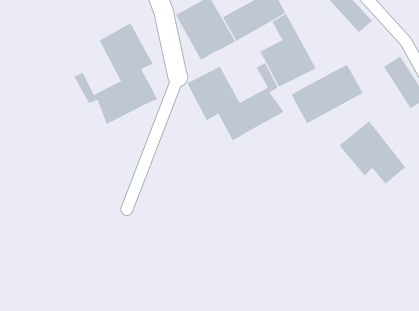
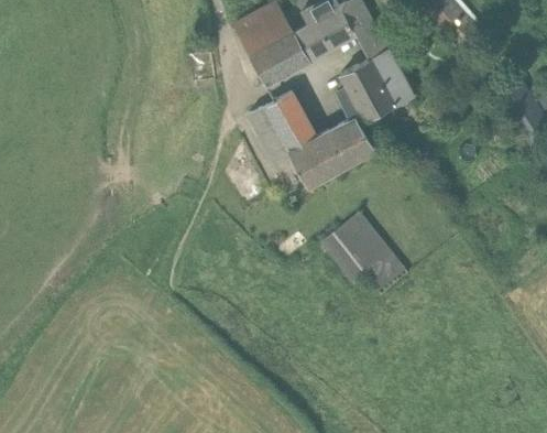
building: [74,22,158,125] -> none
building: [291,64,364,124] -> none
building: [338,120,406,184] -> [320,212,406,293]

